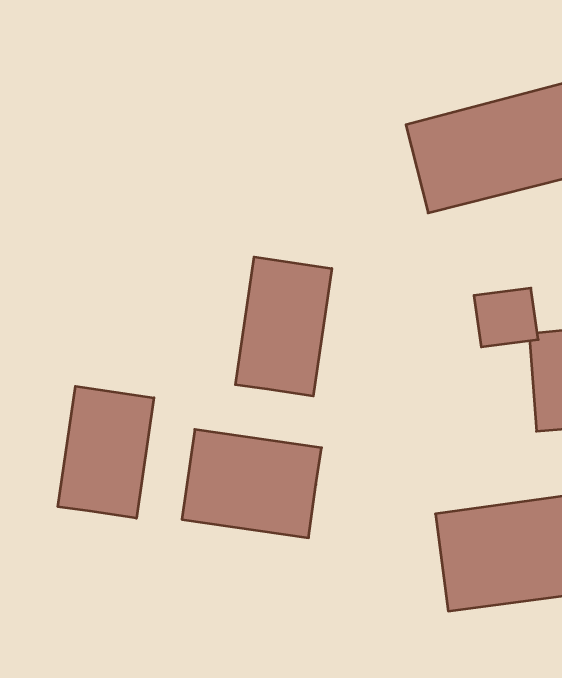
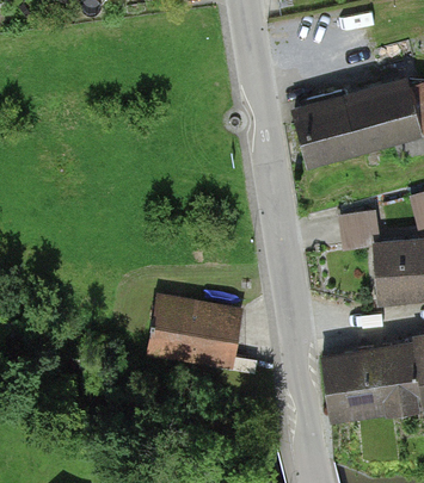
building: [235,257,332,396] -> none
building: [58,386,154,518] -> none

